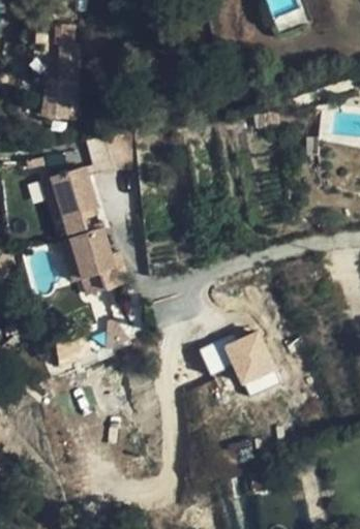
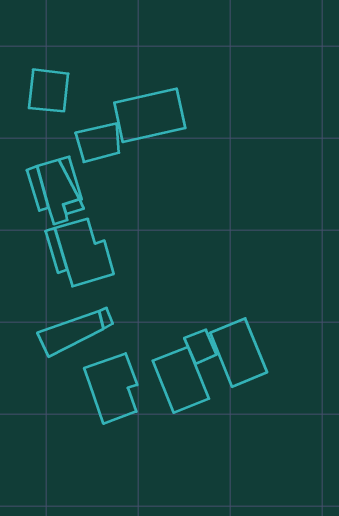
building: none -> [114,89,185,142]
building: none -> [153,347,209,413]
building: none -> [84,353,137,424]

